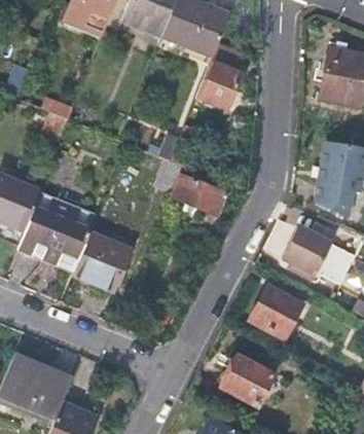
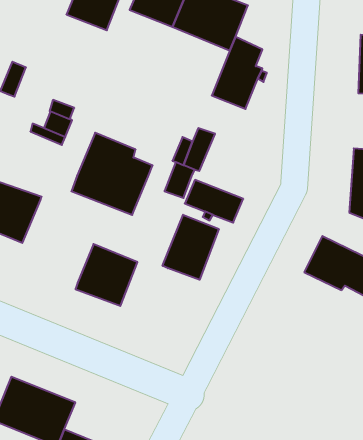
building: [19,192,93,267] -> [71,133,153,215]
building: none -> [163,215,219,280]
building: [251,286,300,337] -> none
building: [220,357,274,407] -> none

